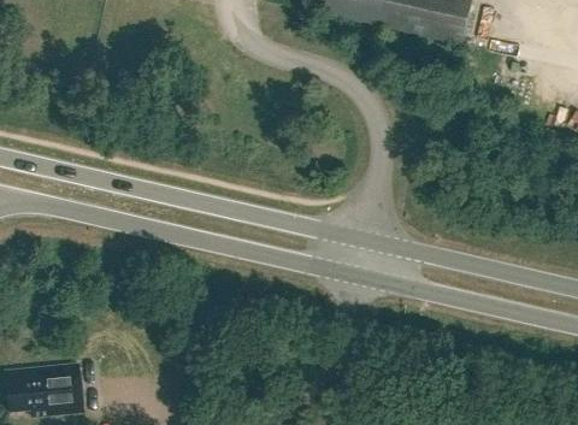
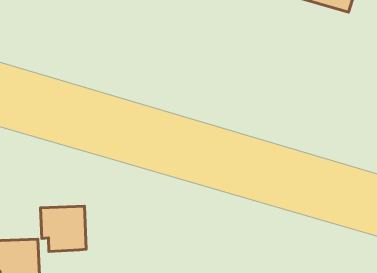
building: none -> [40,206,86,252]

